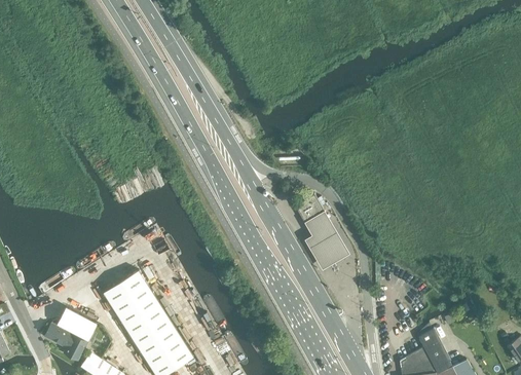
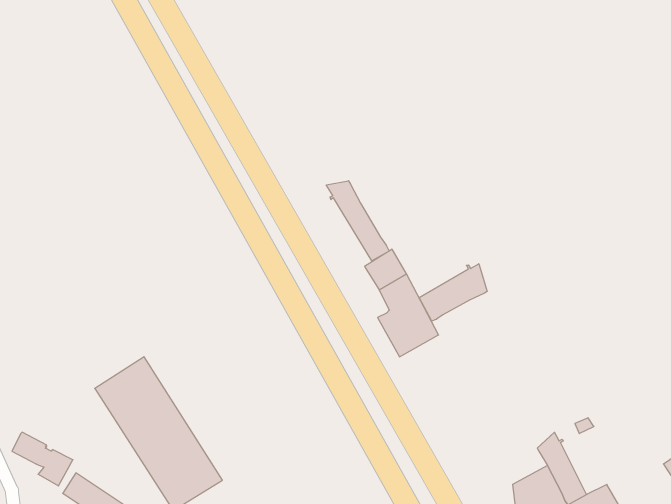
building: none -> [326,181,389,261]
building: none -> [419,264,487,321]
building: [52,307,97,341] -> none

